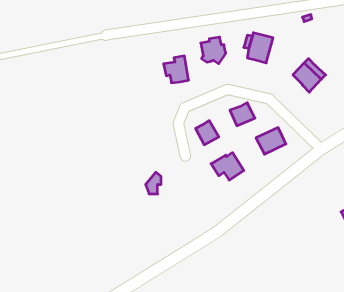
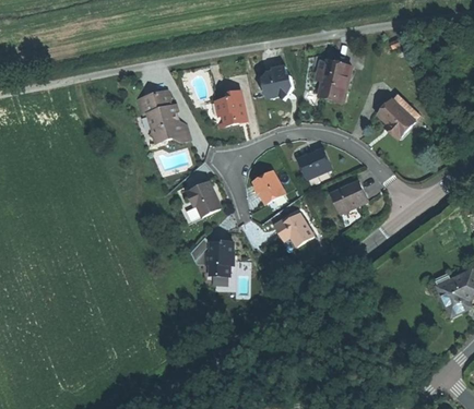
building: none -> [138,89,187,144]
building: none -> [186,181,220,215]
building: none -> [205,241,233,276]

